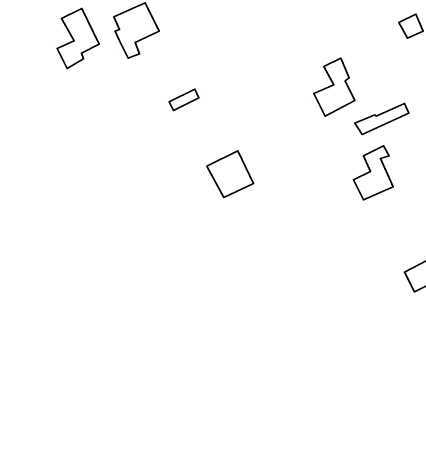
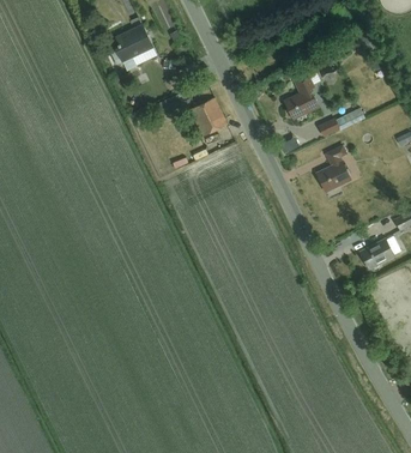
building: [57,9,99,69] -> none
building: [207,151,254,198] -> [188,97,228,137]

